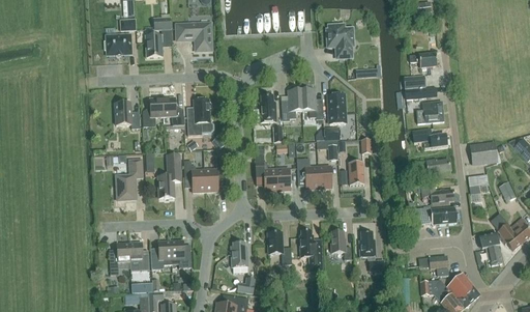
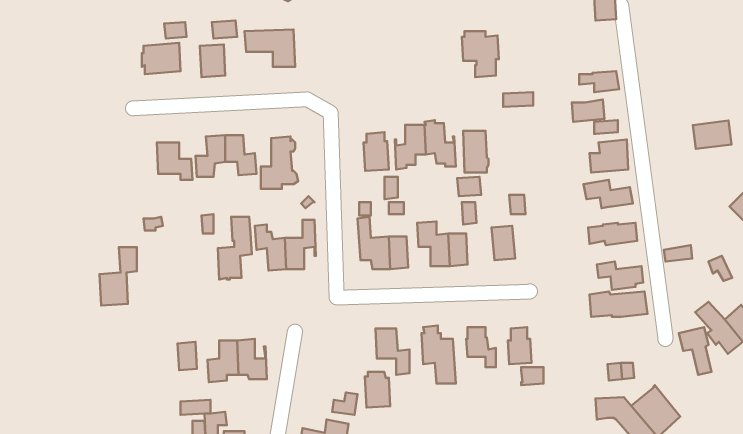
building: [470,143,497,163] -> [693,121,731,149]
building: [116,160,142,200] -> [100,247,137,305]
building: [109,243,130,275] -> none
building: [231,243,248,267] -> [365,372,390,408]

